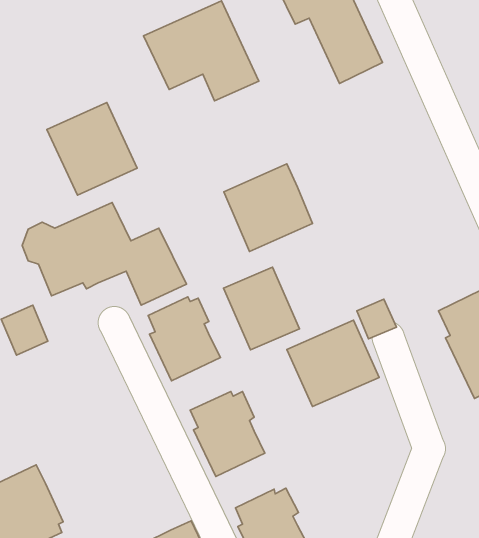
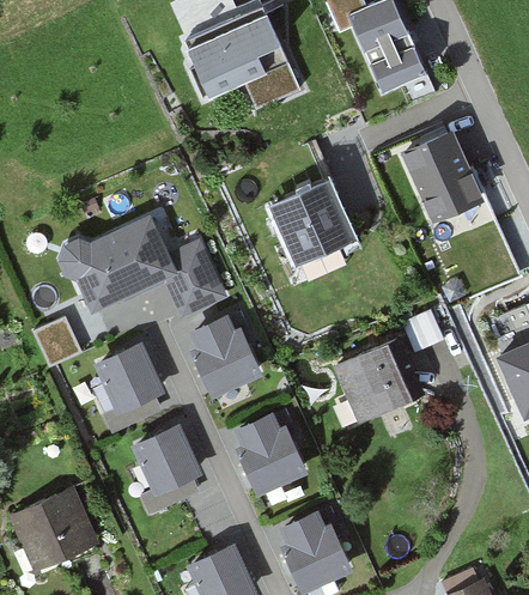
building: [47,102,137,195] -> none
building: none -> [399,127,485,223]
building: [223,267,299,350] -> none
building: none -> [92,341,165,437]
building: none -> [130,423,201,517]

